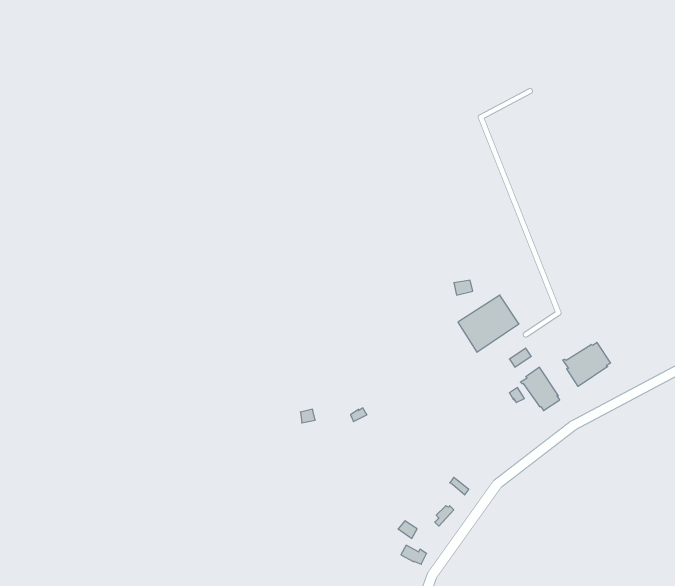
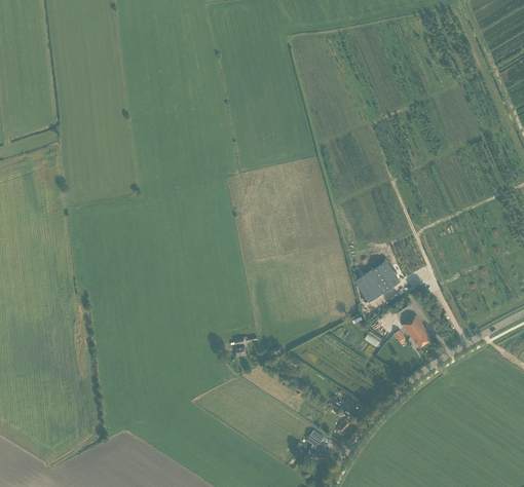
building: [563,342,611,386] -> none

